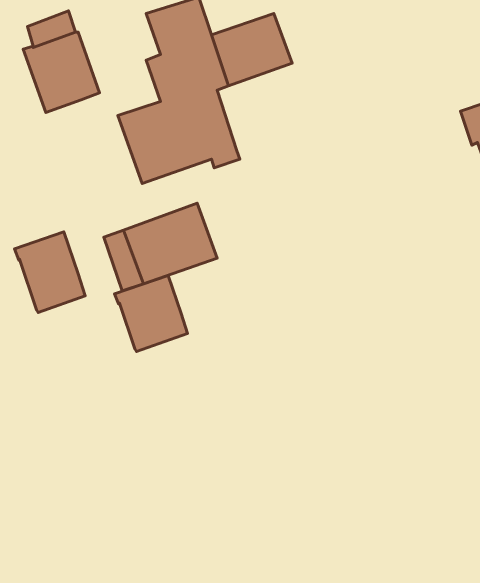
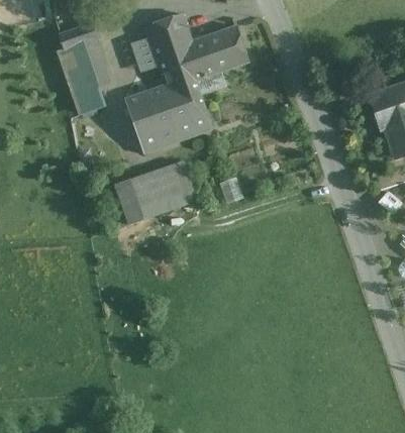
building: none -> [74,88,104,115]
building: [14,232,85,313] -> none
building: [114,275,187,351] -> none

